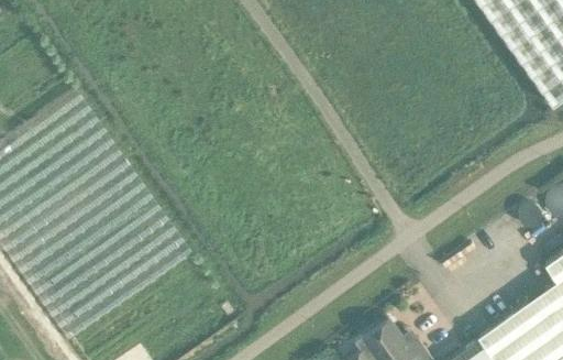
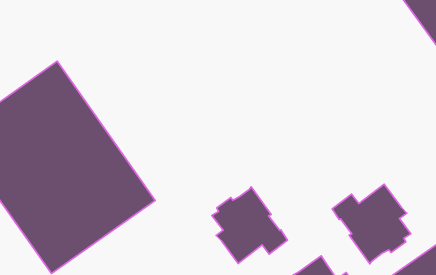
building: none -> [332,184,411,264]
building: none -> [212,187,288,263]

